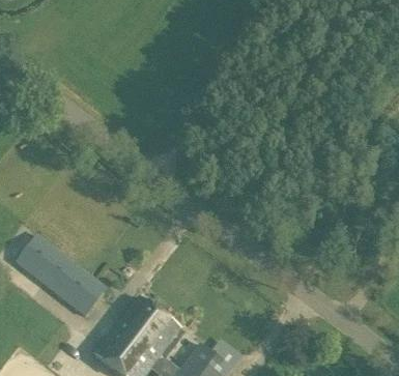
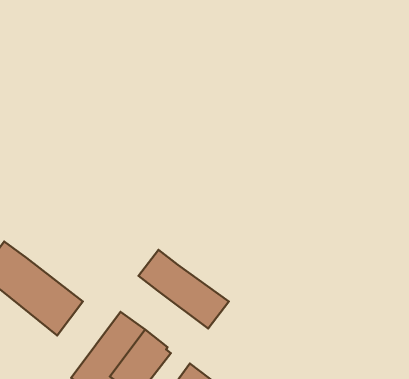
building: none -> [139,250,229,328]

